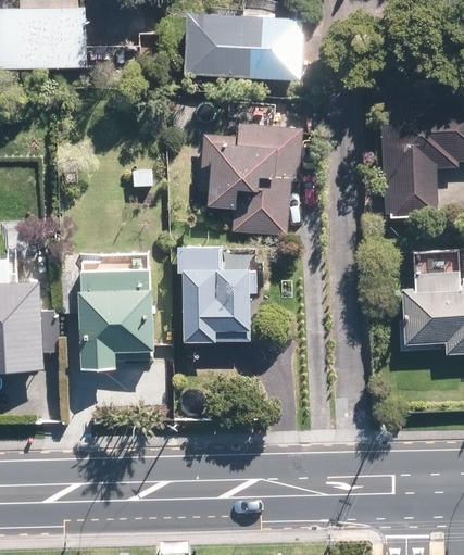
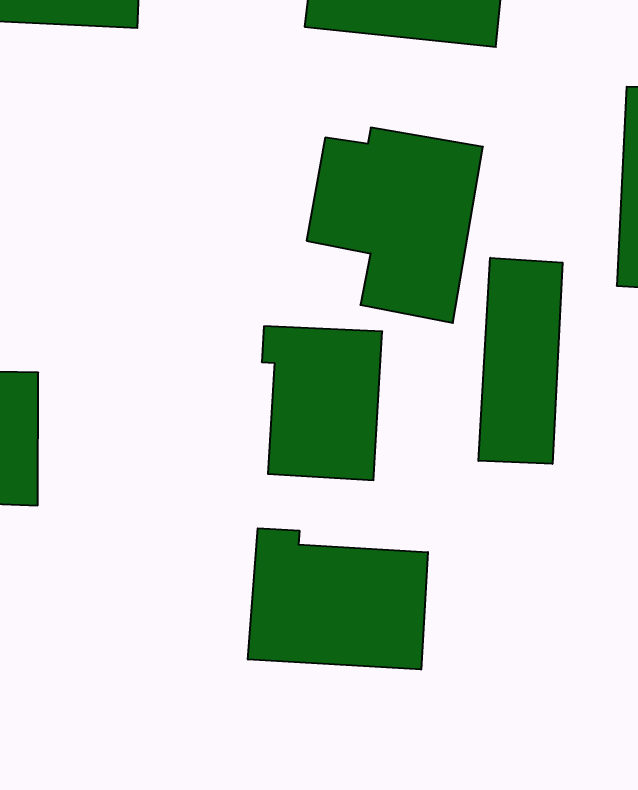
building: none -> [478,258,563,464]
building: [78,261,148,365] -> none
building: none -> [248,528,428,670]

